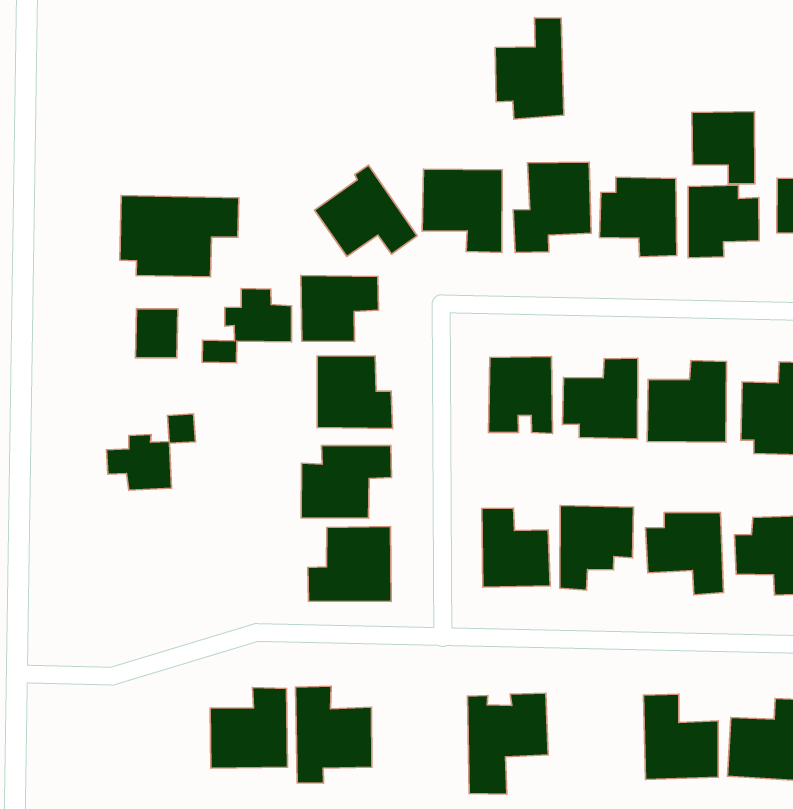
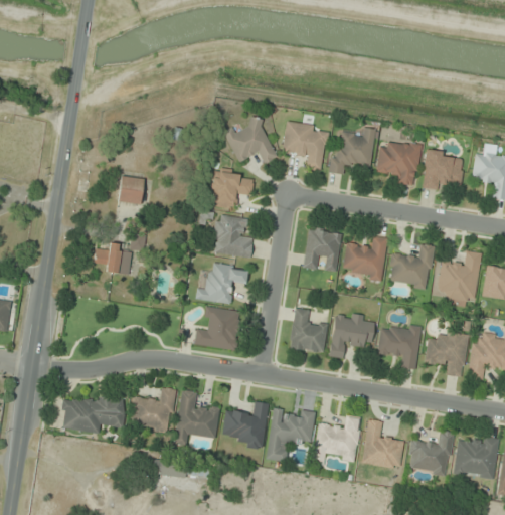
building: [495,18,564,119] -> none
building: [692,111,755,184] -> none
building: [120,196,239,277] -> none
building: [202,289,292,363] -> none
building: none -> [222,401,268,450]
building: none -> [314,415,361,462]
building: none -> [60,397,125,432]

